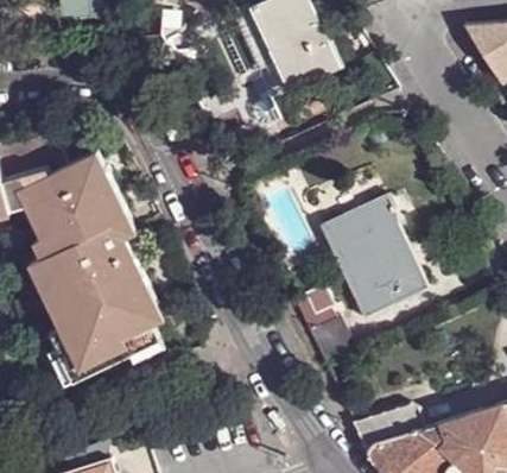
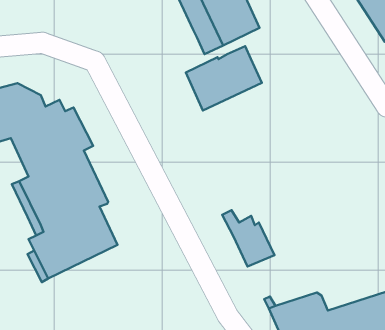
building: none -> [186,46,262,110]
building: [324,194,430,319] -> none

